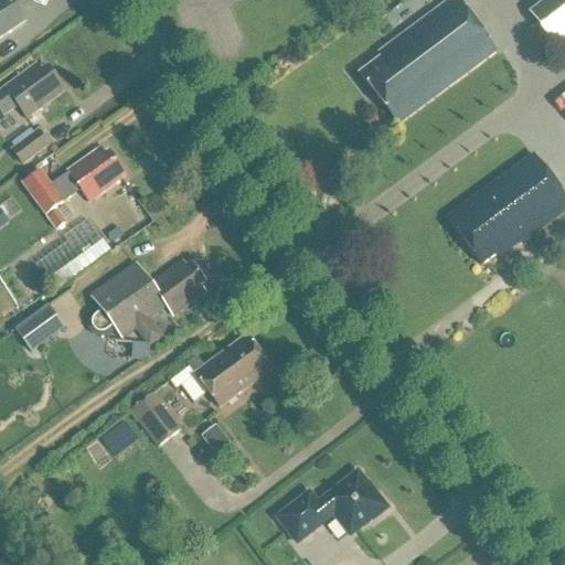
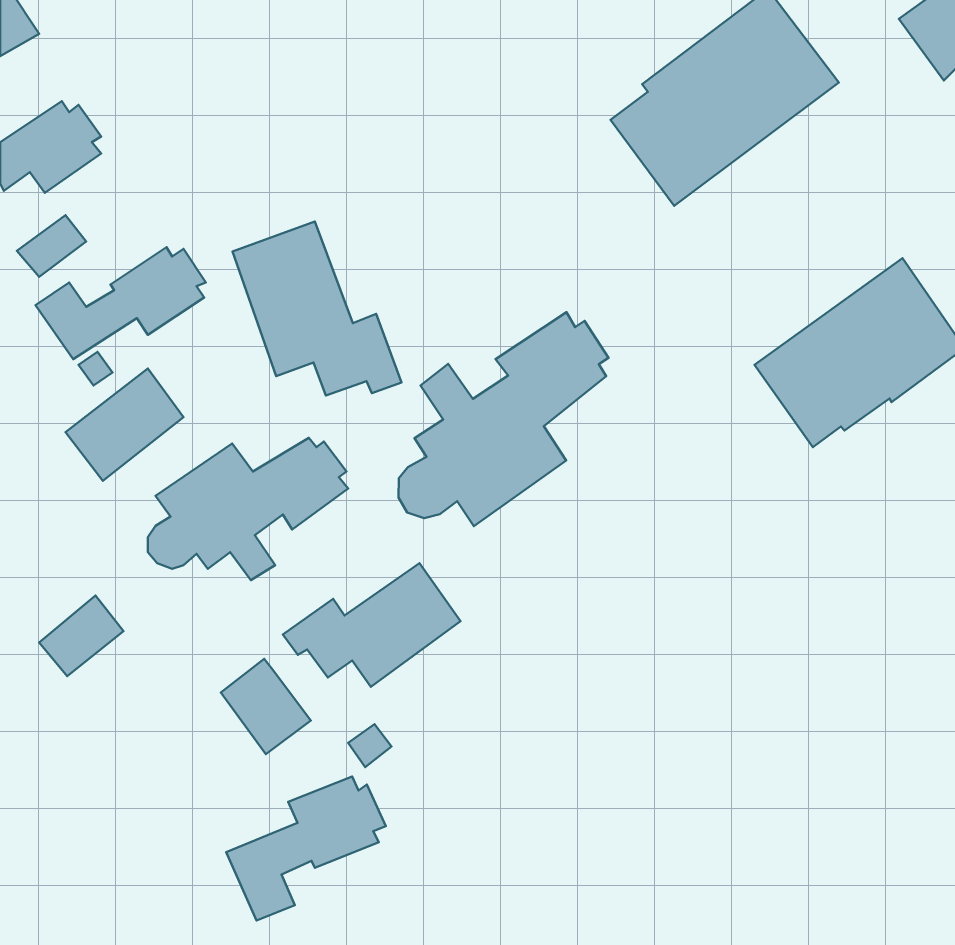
building: none -> [232,221,402,395]
building: none -> [399,312,609,526]
building: [15,301,65,349] -> [39,596,123,676]
building: none -> [226,777,386,920]
building: [277,469,387,537] -> none

